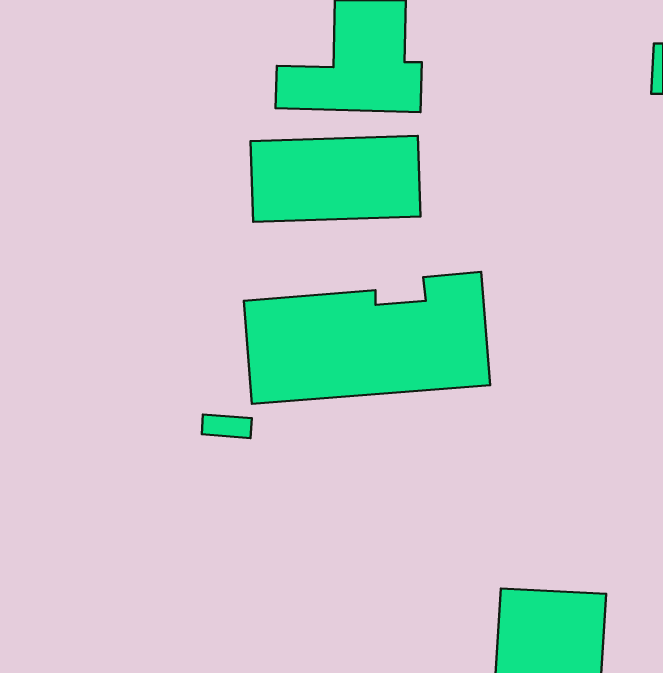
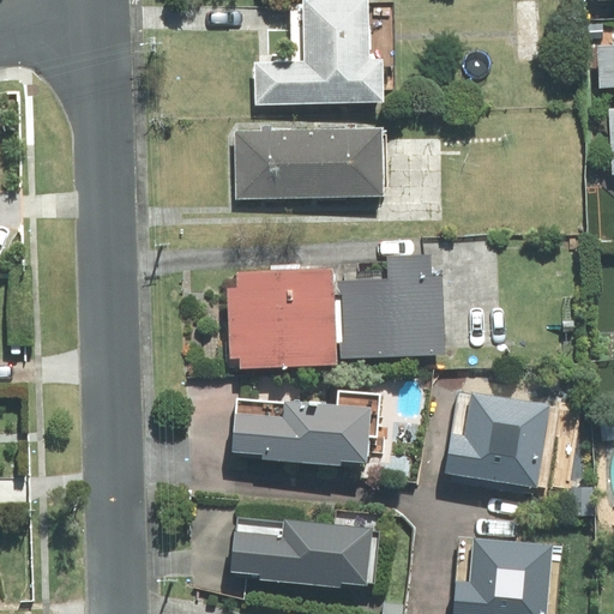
building: none -> [438,389,558,489]
building: none -> [233,401,380,469]
building: none -> [231,518,375,588]

